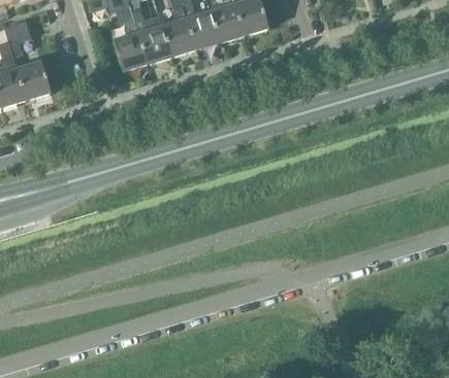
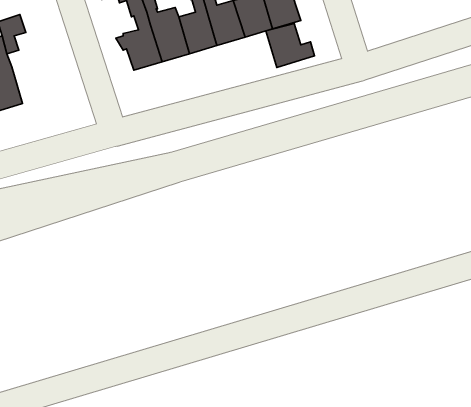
building: none -> [266,24,315,67]
building: [17,60,51,99] -> none

